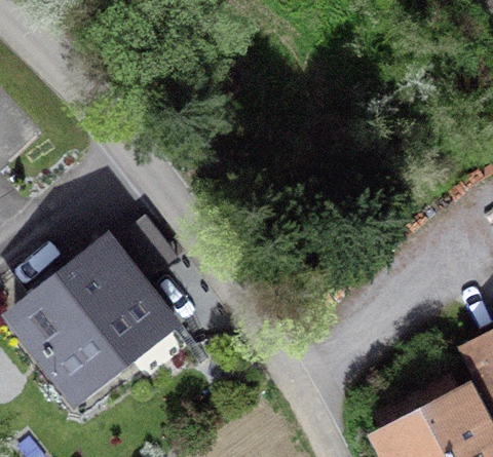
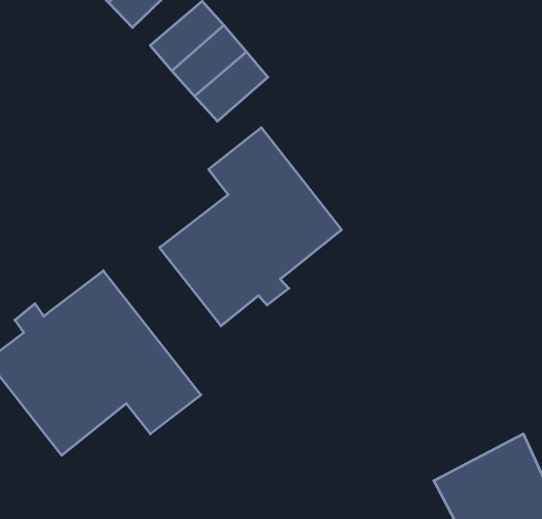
building: none -> [160,128,341,326]

